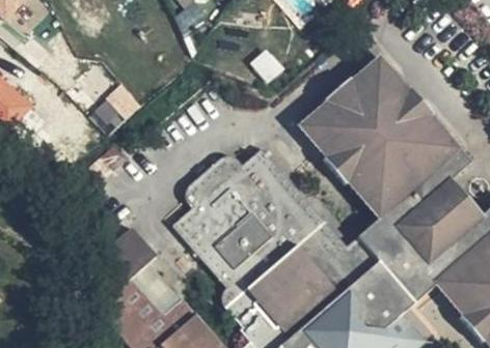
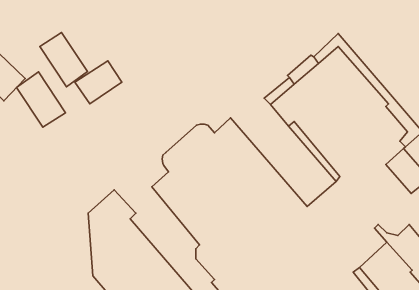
building: none -> [40,32,87,87]
building: none -> [17,72,65,127]

